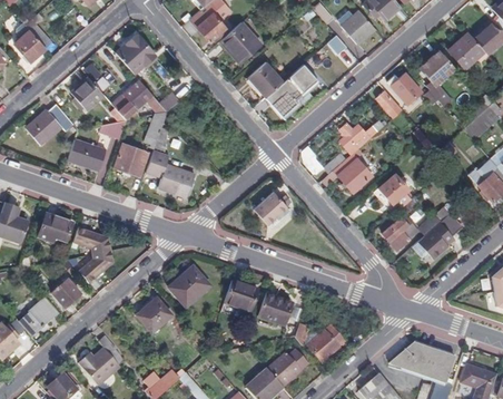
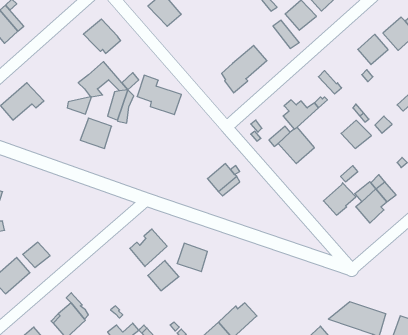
building: [220,22,262,62] -> none
building: [249,62,283,97] -> none
building: [388,71,422,104] -> none
building: [71,77,103,109] -> none
building: [69,139,106,171] -> none
building: [146,153,195,196] -> [137,75,181,115]
building: [377,173,411,204] -> [341,120,371,148]
building: [37,214,72,242] -> none
building: [73,228,114,283] -> none
building: [256,294,290,325] -> none
building: [137,298,171,331] -> [148,260,179,291]
building: [295,323,346,362] -> none

